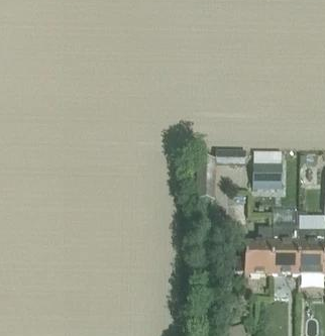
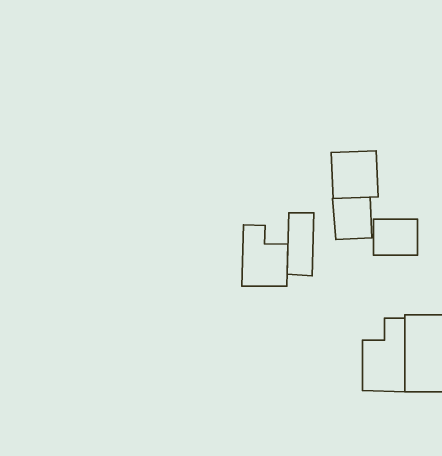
building: none -> [331,151,378,199]
building: none -> [242,225,288,286]

